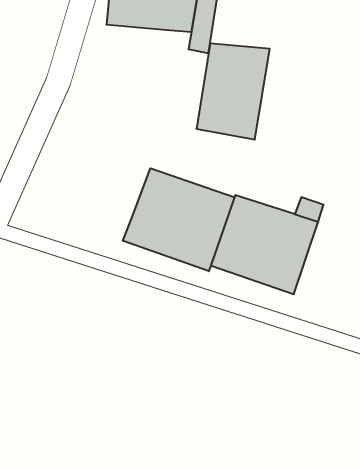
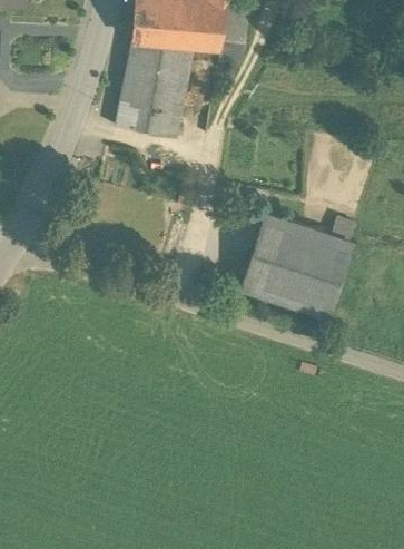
building: [196,43,270,139] -> [116,38,193,138]
building: [123,168,234,271] -> none

